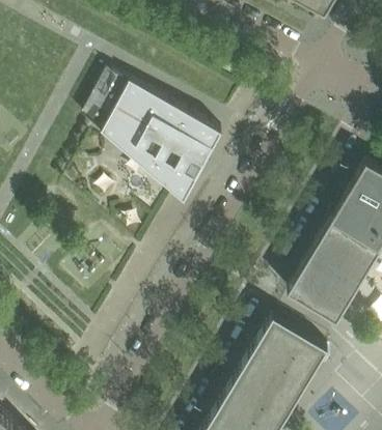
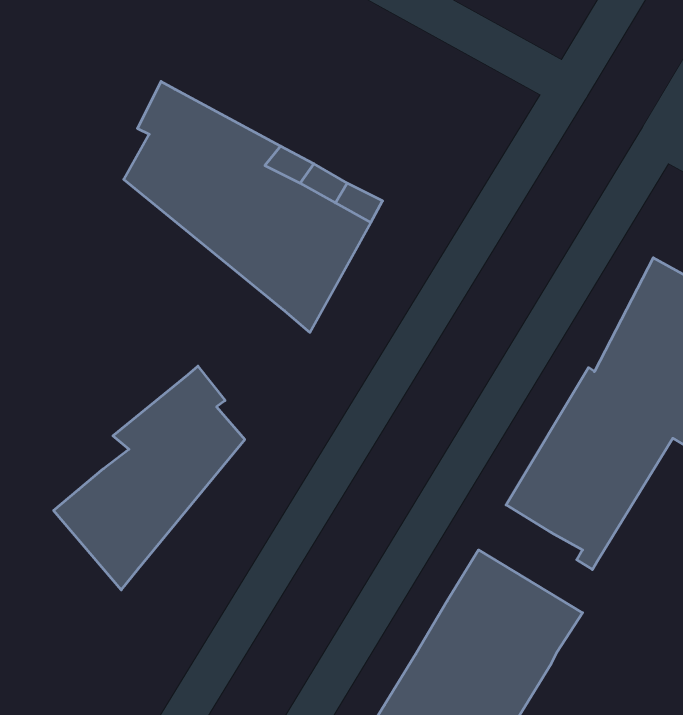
building: none -> [54,366,245,590]

